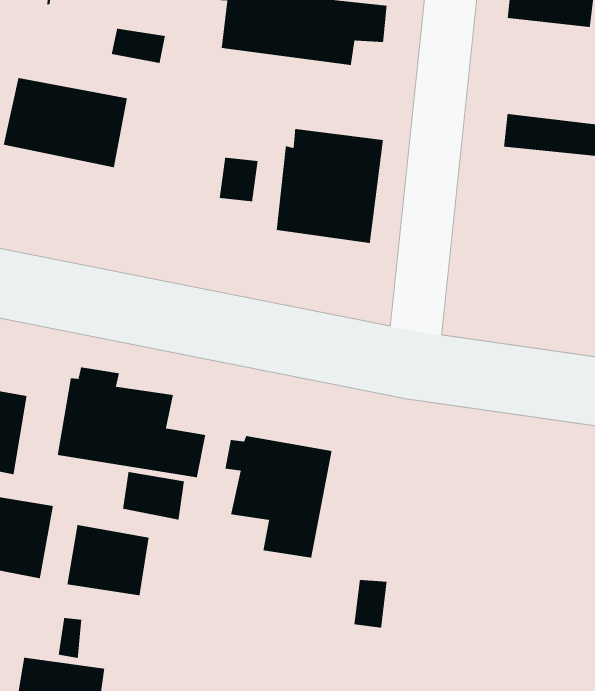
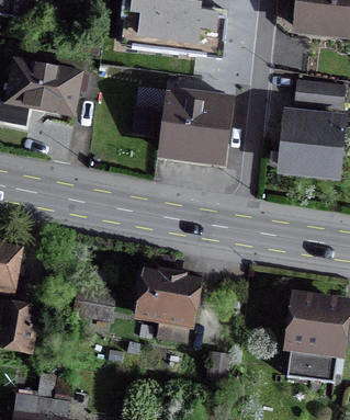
building: none -> [283,114,340,173]
building: [57,366,206,478] -> none
building: none -> [286,299,345,382]
building: [67,524,149,596] -> none

